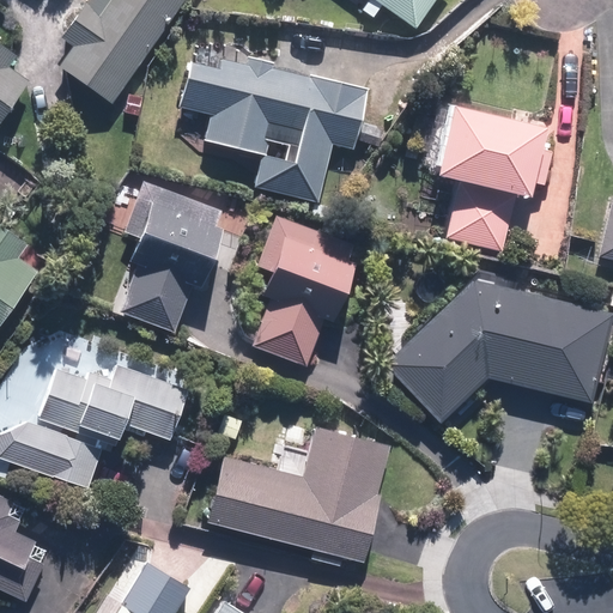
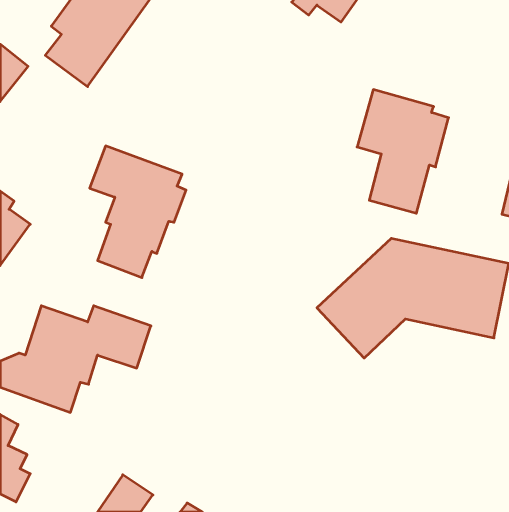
building: [176,60,369,202] -> none
building: [254,212,357,362] -> none
building: [204,431,393,563] -> none

